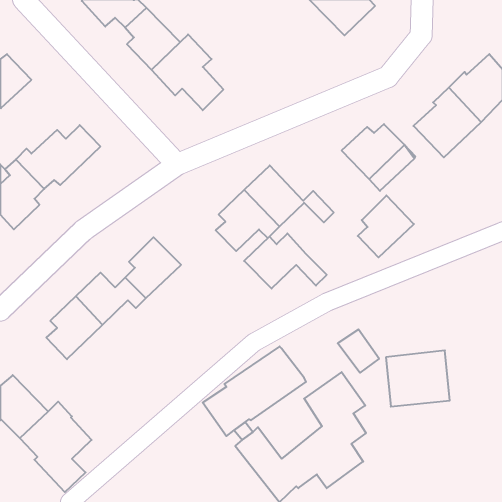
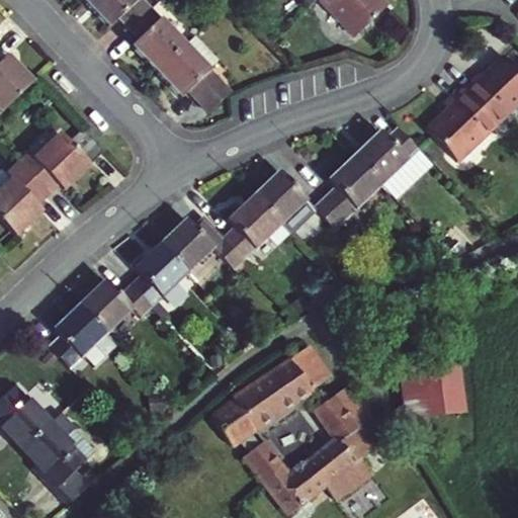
building: [358,195,414,257] -> [323,155,380,219]
building: [244,233,327,289] -> [159,215,244,272]
building: [338,329,379,373] -> [290,344,333,388]

